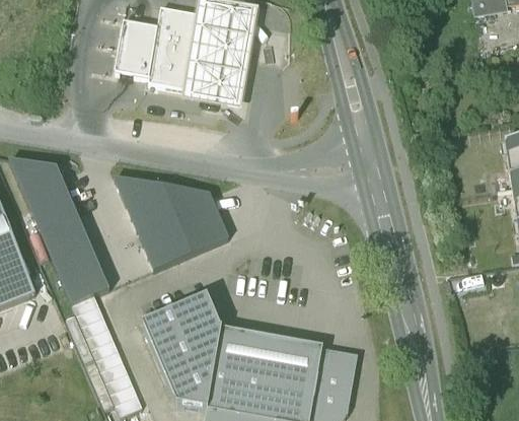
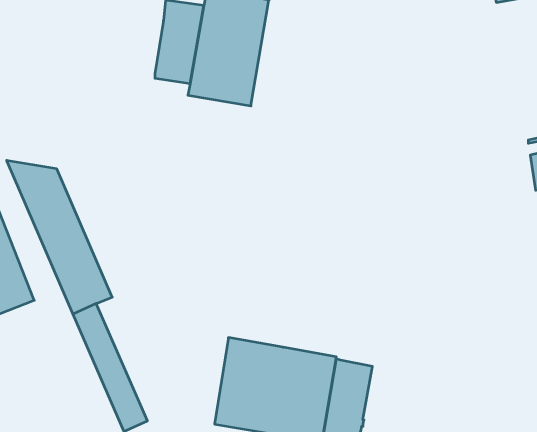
building: [114,19,157,76] -> none
building: [114,177,228,269] -> none
building: [141,295,219,409] -> none

